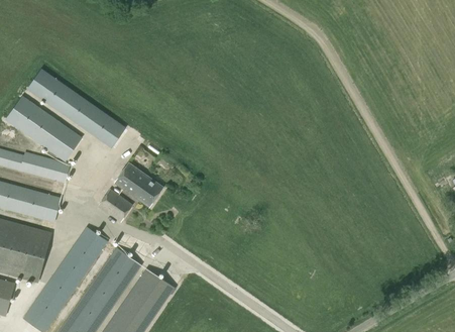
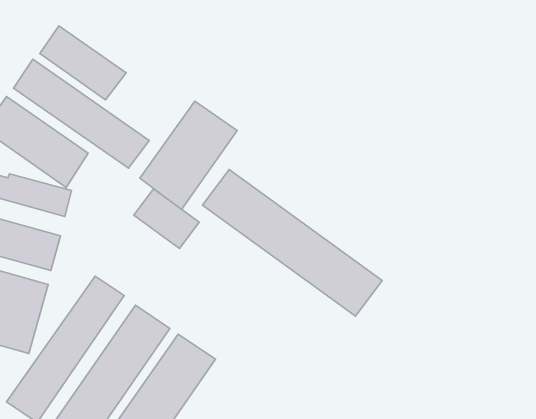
building: none -> [40,26,126,100]
building: none -> [140,101,237,209]
building: none -> [203,169,382,316]
building: [97,189,133,223] -> none

